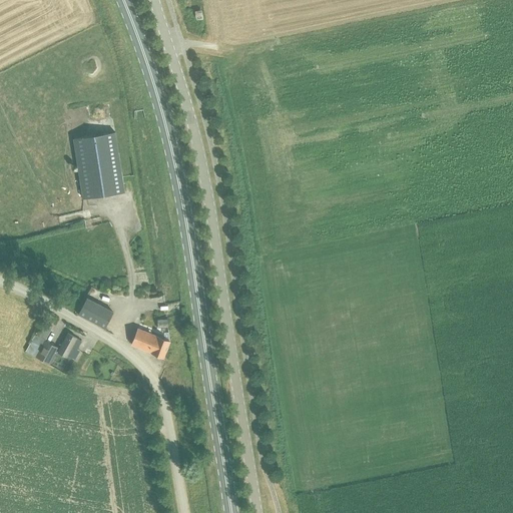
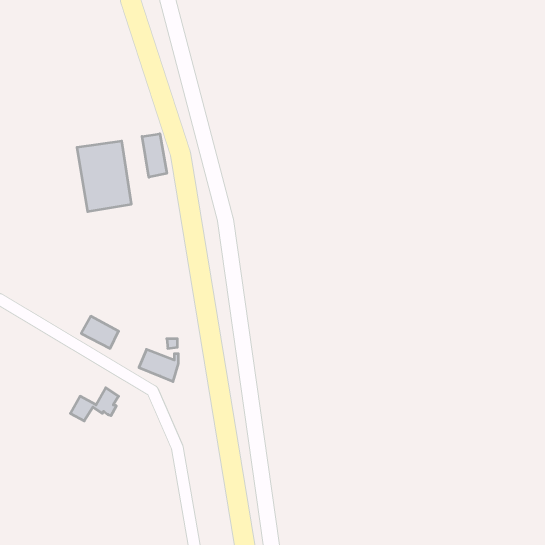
building: none -> [142,134,167,177]
building: [34,333,79,364] -> [70,388,119,421]

